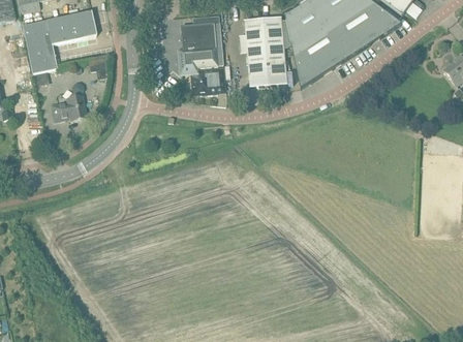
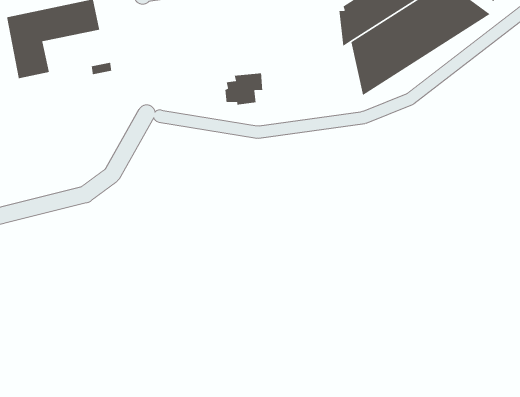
building: [239,17,287,87] -> none
building: [180,22,224,71] -> none
building: [51,82,86,121] -> none

